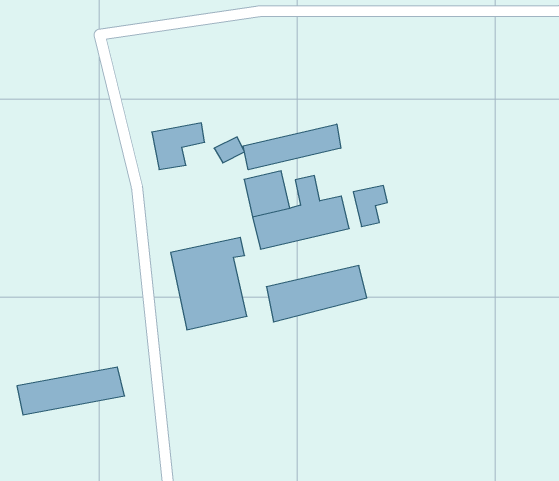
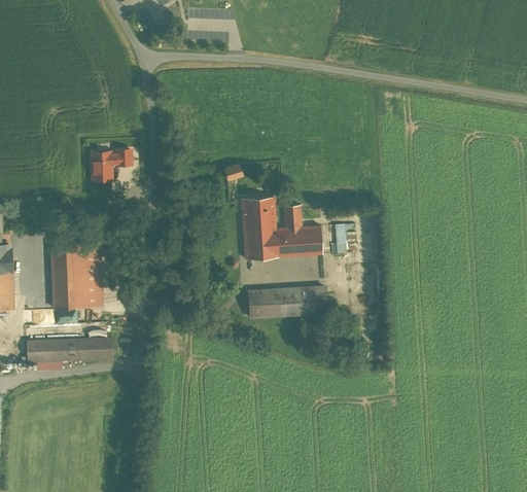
building: [152,123,205,170] -> [91,147,133,180]
building: [243,124,341,170] -> none
building: [171,237,247,330] -> [49,241,110,310]

